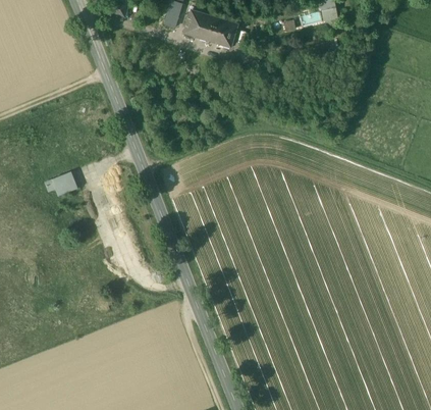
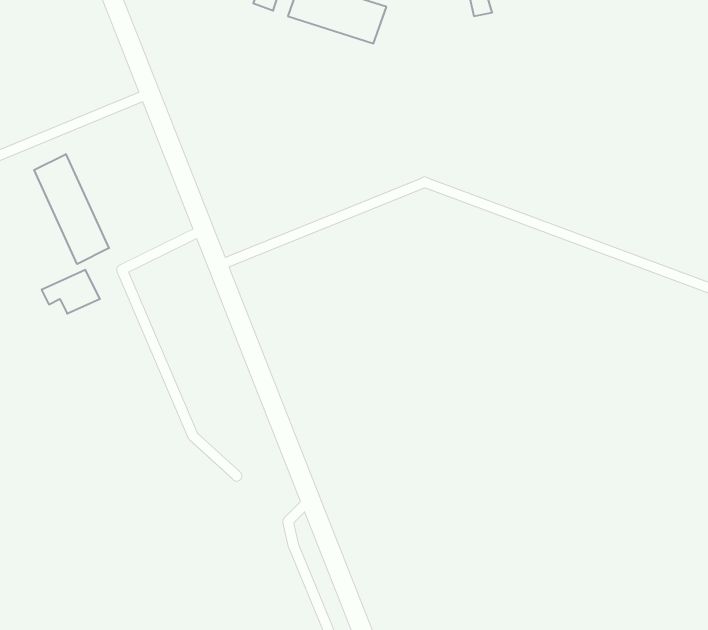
building: none -> [34,154,109,264]

